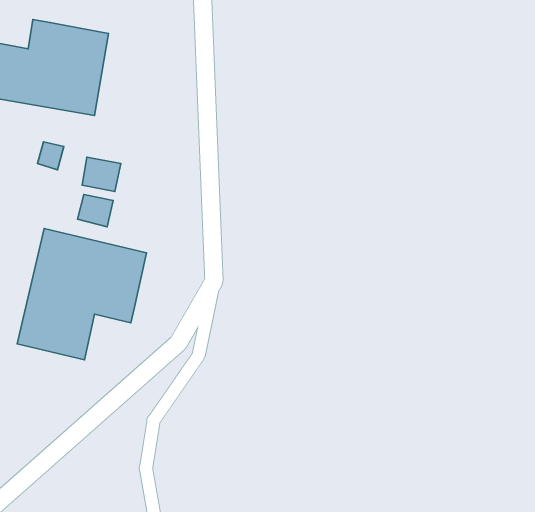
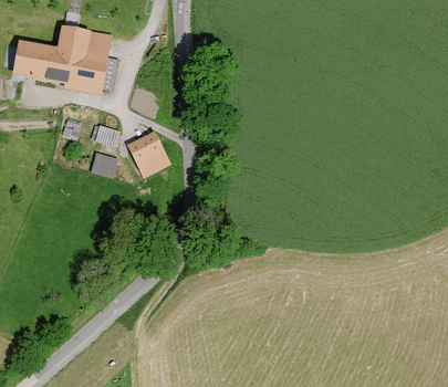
building: none -> [125,130,167,169]
building: [17,229,146,360] -> none

